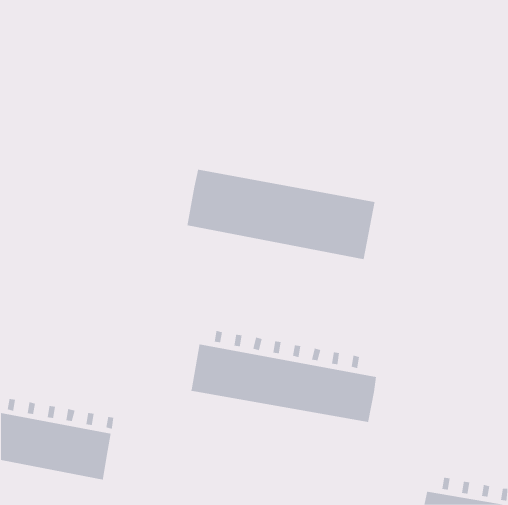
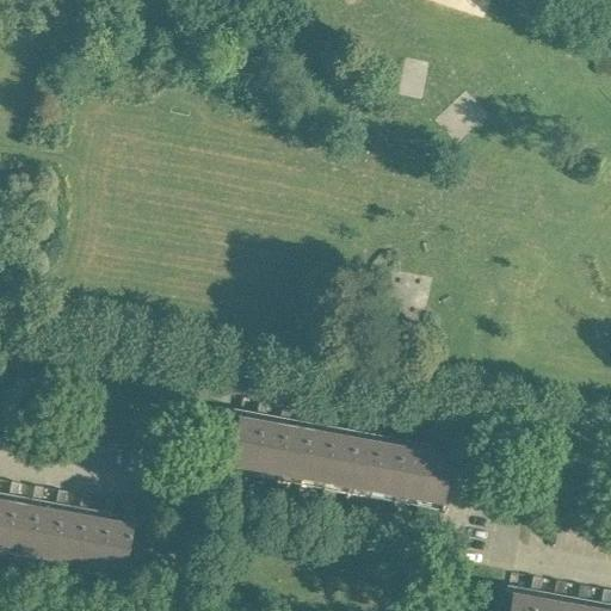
building: [187,169,375,260] -> none

